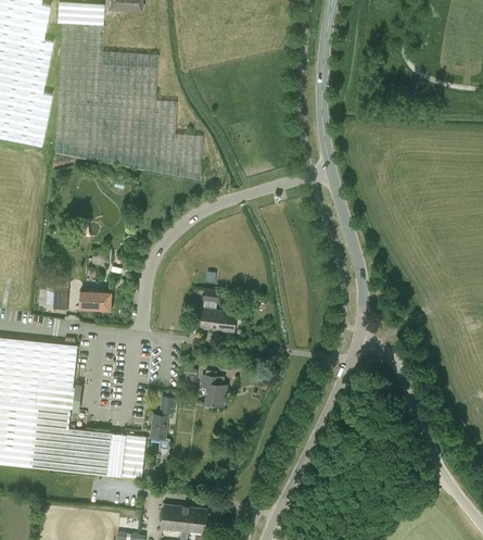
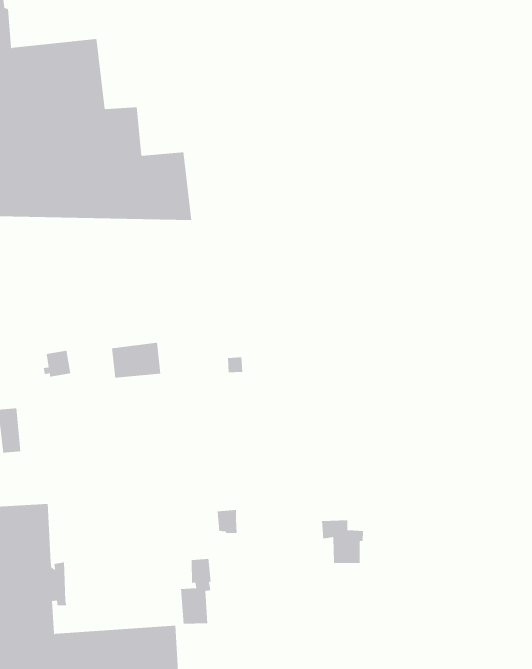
building: [194,288,236,332] -> none
building: [79,289,111,311] -> [111,342,161,378]
building: [200,375,227,406] -> [321,520,364,564]

